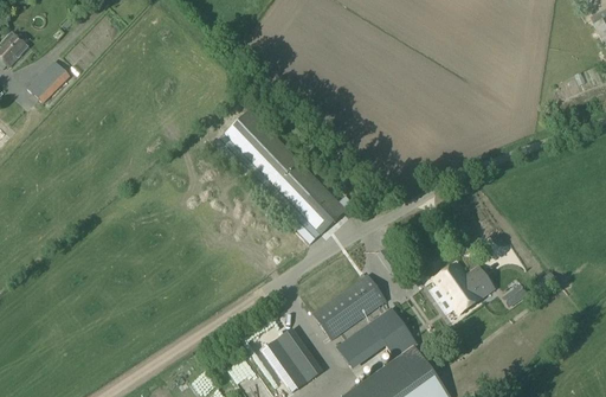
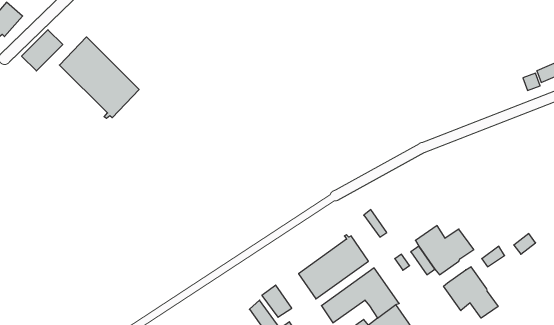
building: none -> [59,37,139,118]
building: [225,109,346,233] -> none
building: none -> [444,267,498,318]

